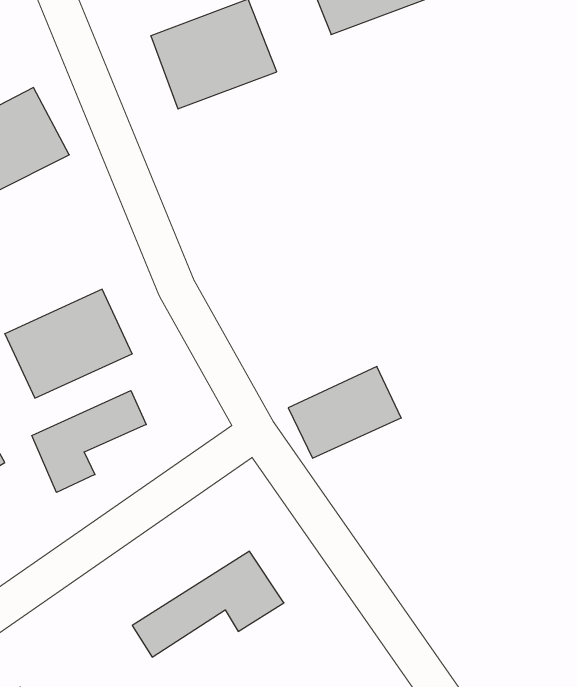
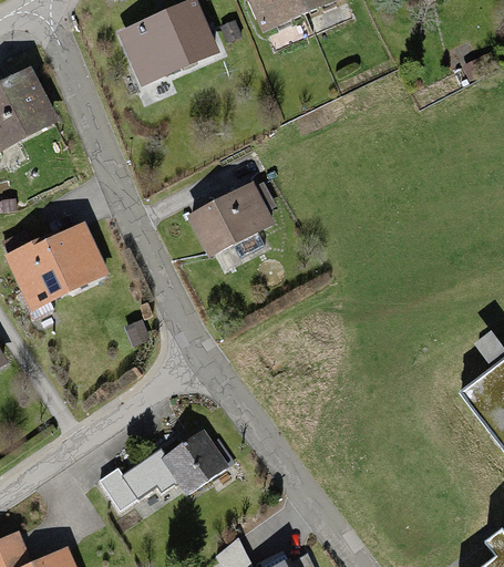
building: [288,366,401,458] -> [187,182,275,252]
building: [32,391,146,492] -> none

